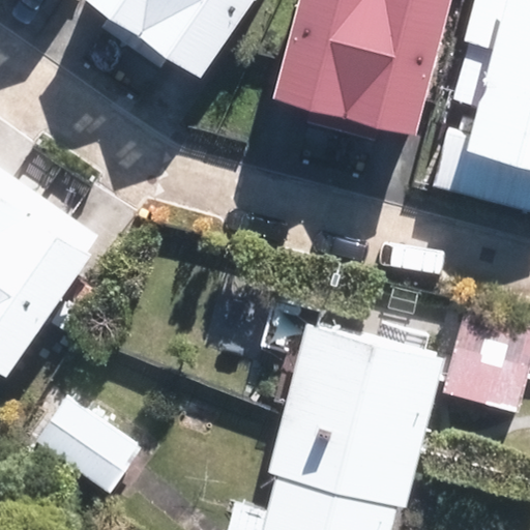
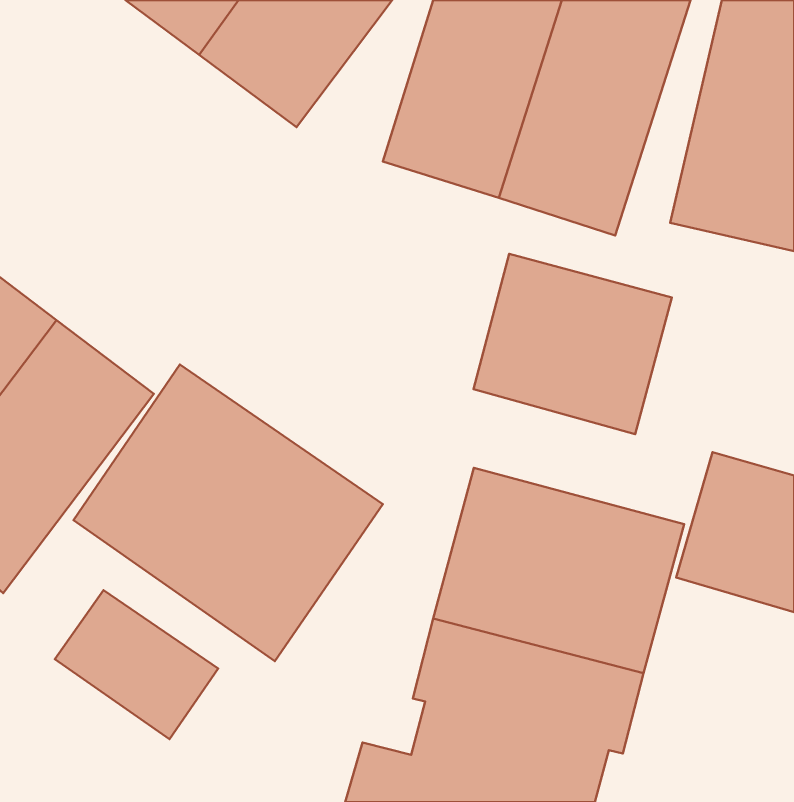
building: none -> [473,254,672,434]
building: none -> [74,364,383,661]

